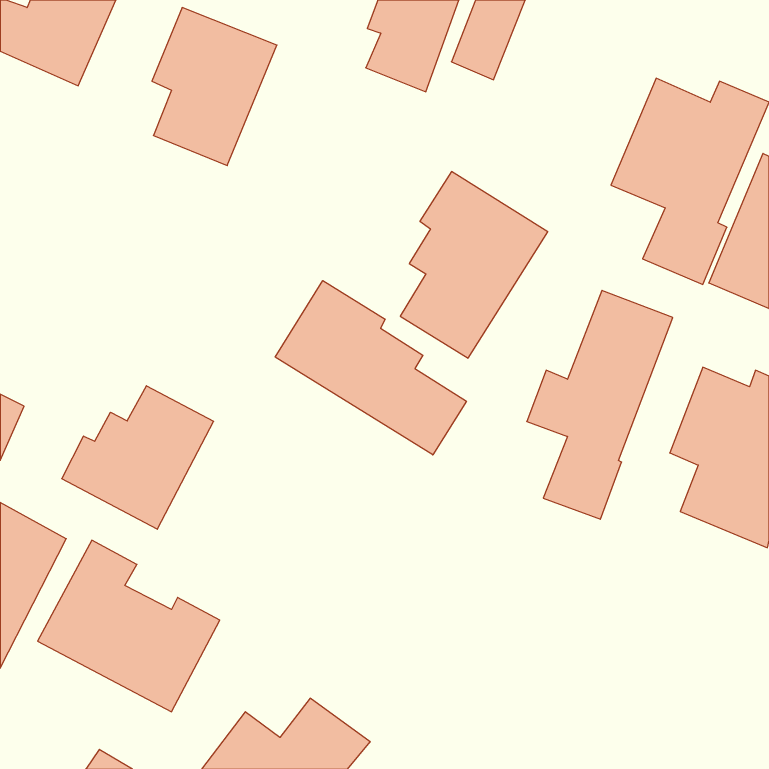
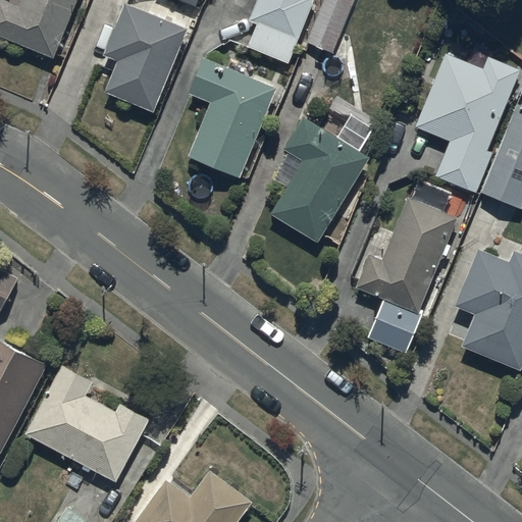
building: none -> [189,59,275,178]
building: [275,281,466,455] -> none
building: [62,386,214,529] -> none

